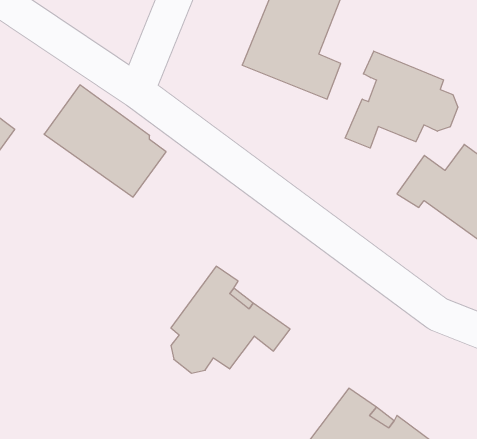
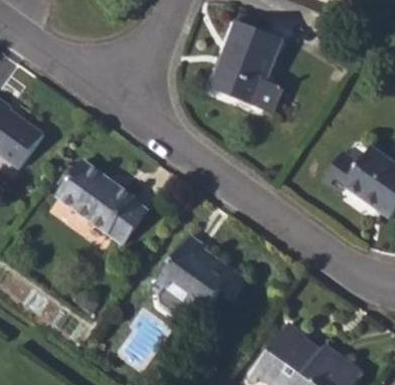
building: [345,51,458,148] -> none
building: [44,85,166,197] -> [56,160,146,242]

